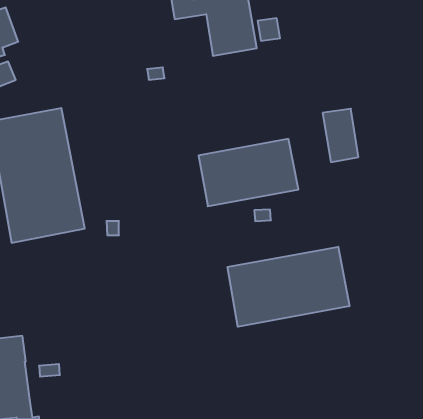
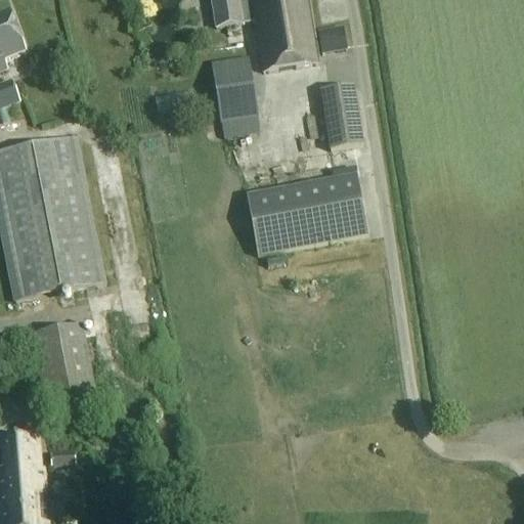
building: none -> [212,53,259,134]
building: [323,109,358,162] -> [318,82,362,147]
building: [228,247,349,327] -> none
building: none -> [31,321,96,404]

